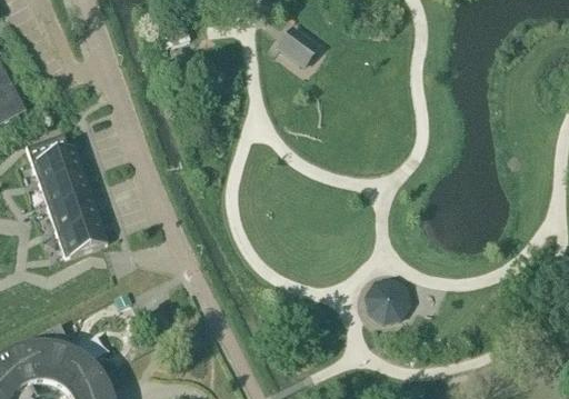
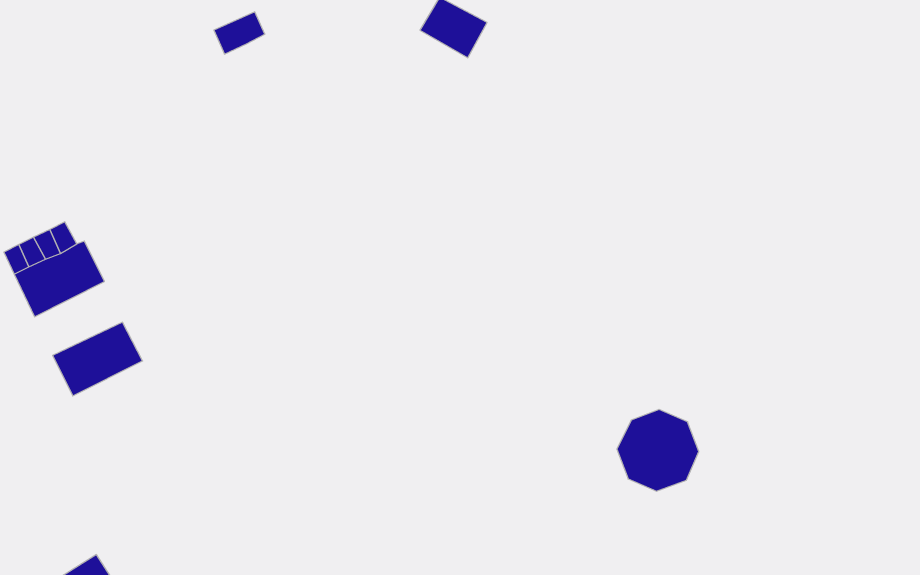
building: [39,171,89,210] -> none
building: [56,219,107,259] -> none

